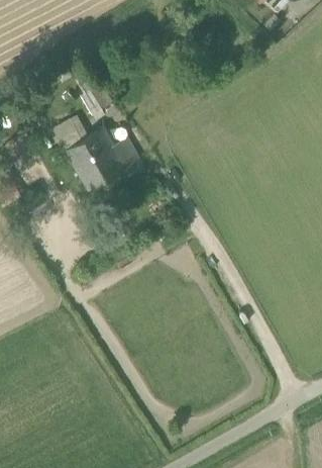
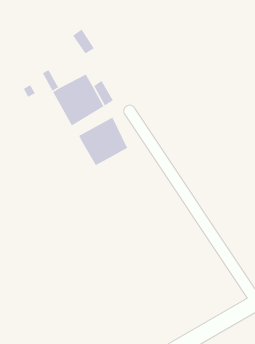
building: none -> [78,117,128,166]

